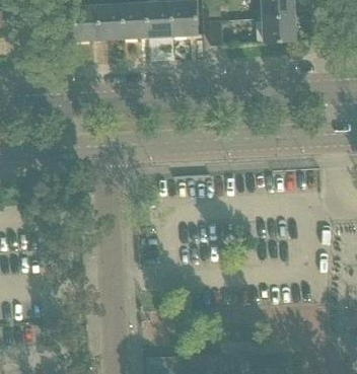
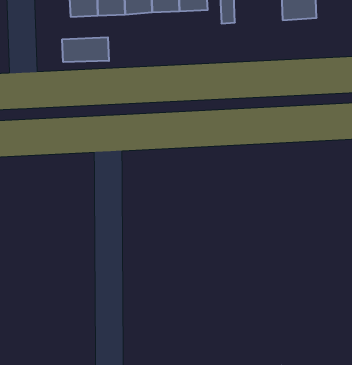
building: none -> [62,37,109,62]

